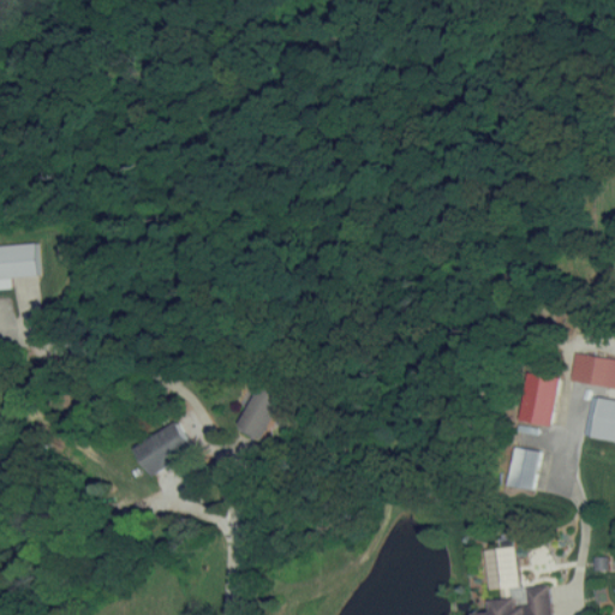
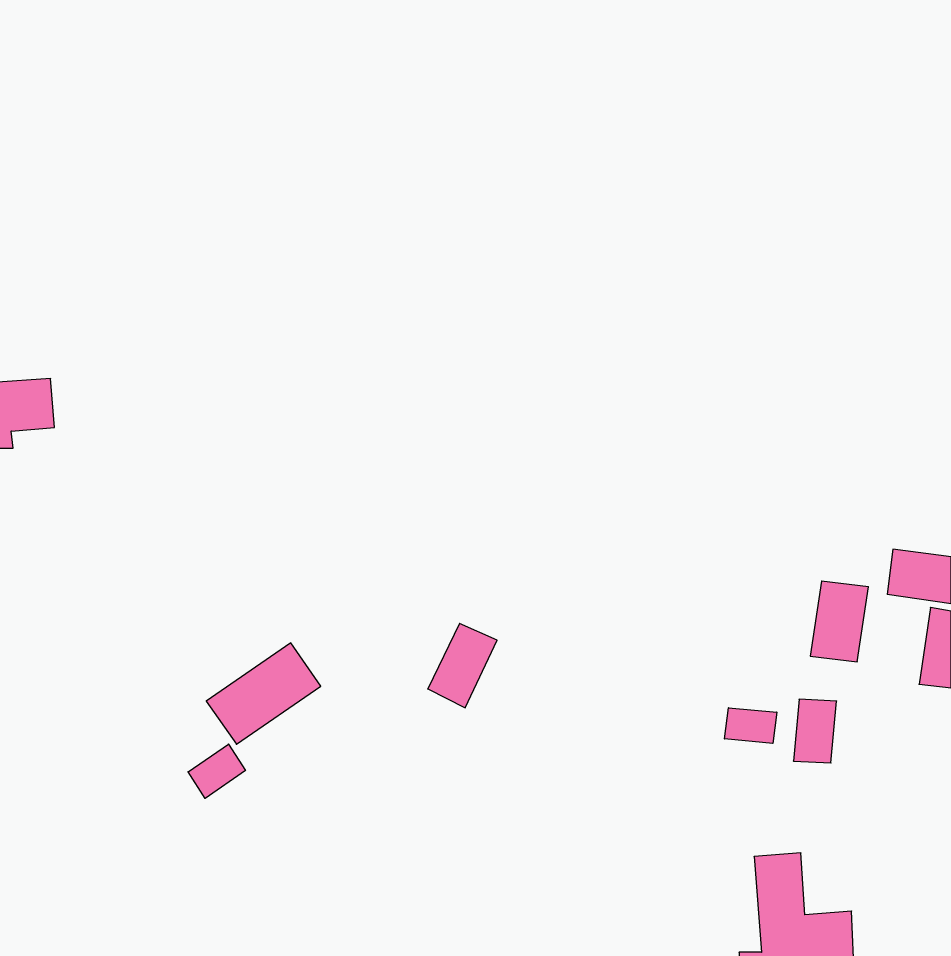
building: [238,386,282,440] -> [428,623,497,708]
building: none -> [725,708,777,743]
building: none -> [188,744,245,798]

